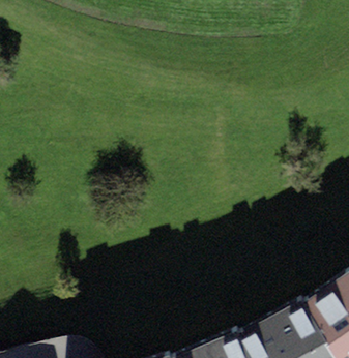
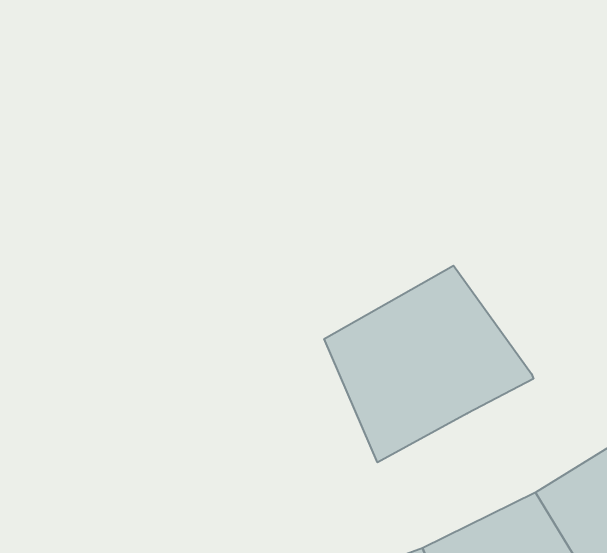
building: none -> [324,266,533,462]

